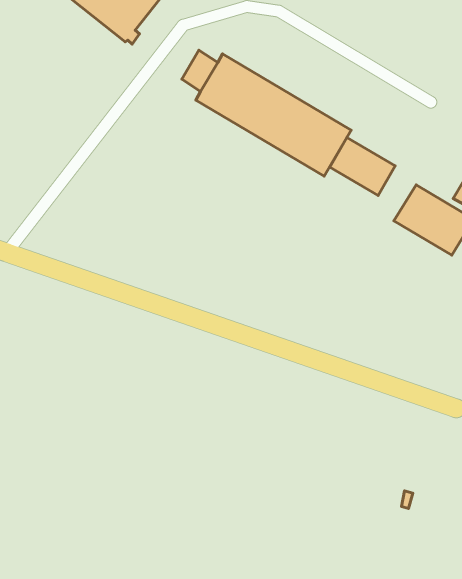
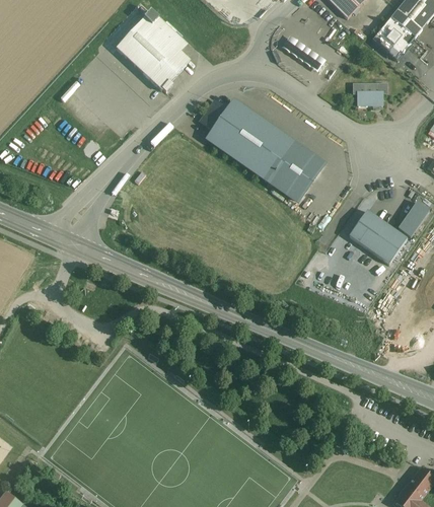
building: none -> [354,83,386,108]
building: [330,137,395,196] -> none

